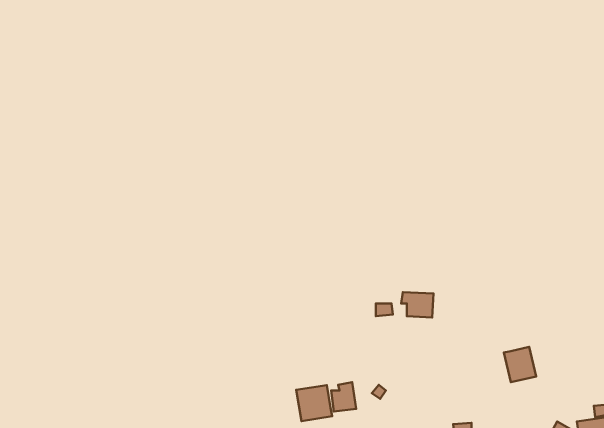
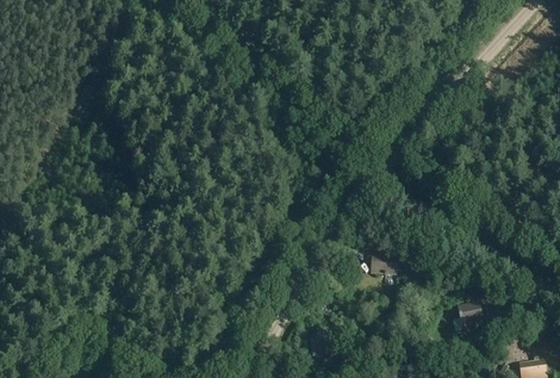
building: [296,385,332,421] -> none

